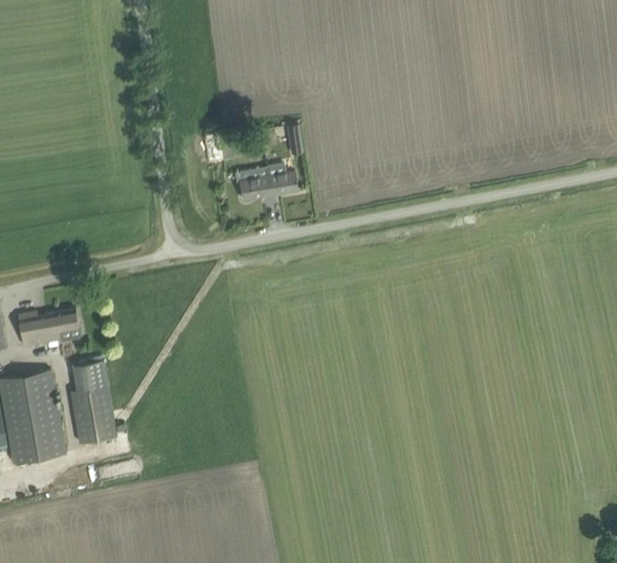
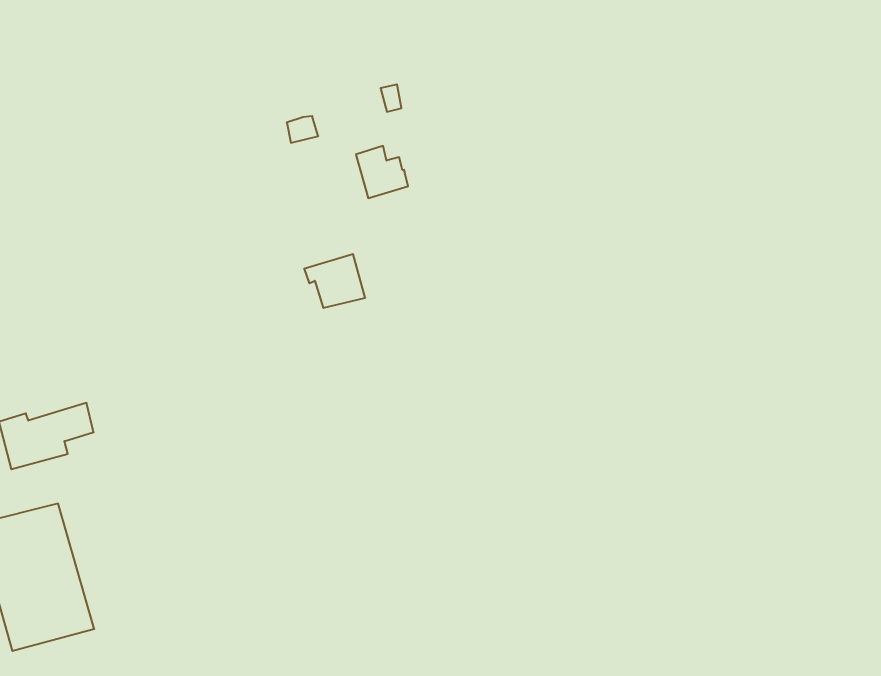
building: [233,168,270,200] -> [304,254,365,308]
building: [70,360,116,444] -> none

